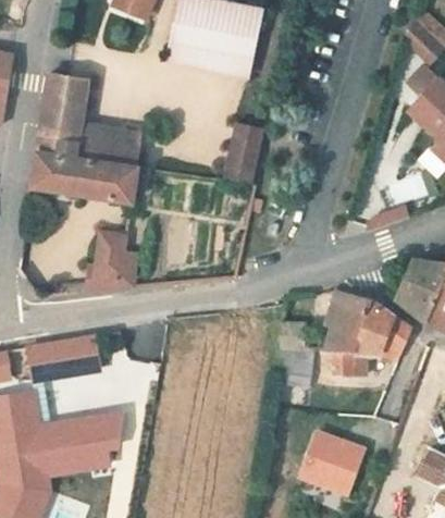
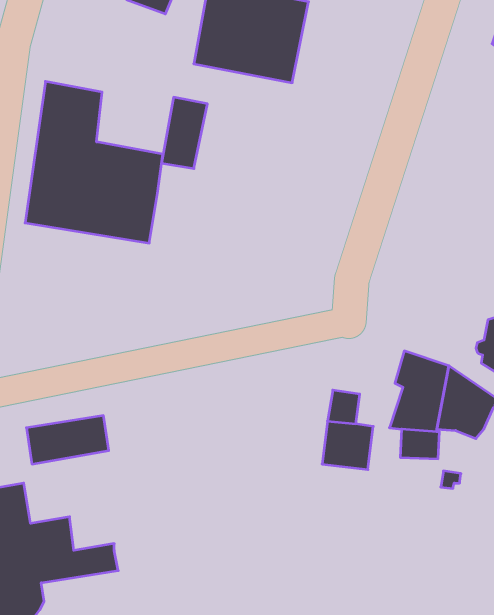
building: [226,119,263,176] -> [162,97,207,169]
building: [82,233,140,293] -> none
building: [69,415,121,452] -> none
building: [302,434,366,495] -> none

